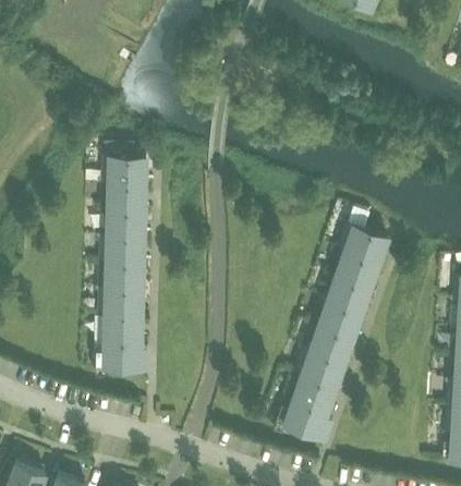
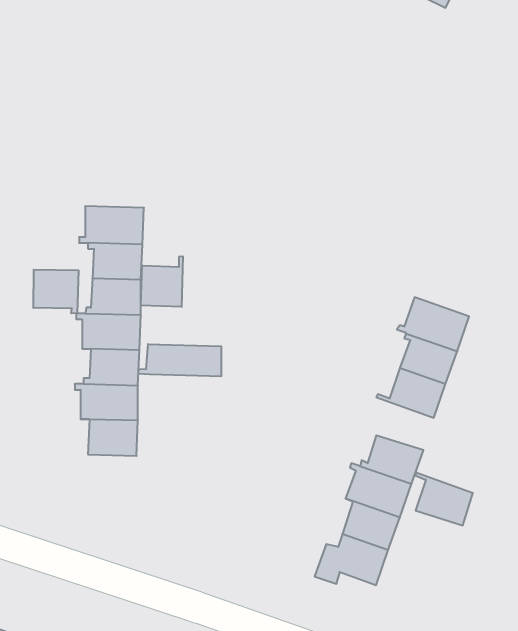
building: none -> [141,256,183,307]
building: none -> [33,270,78,313]
building: none -> [138,344,221,376]
building: [320,299,363,338] -> [416,472,473,525]
building: [97,341,143,377] -> none

